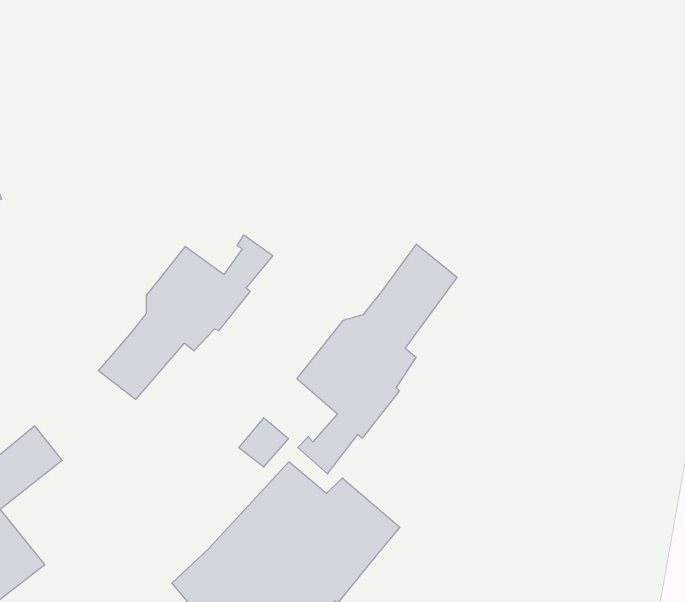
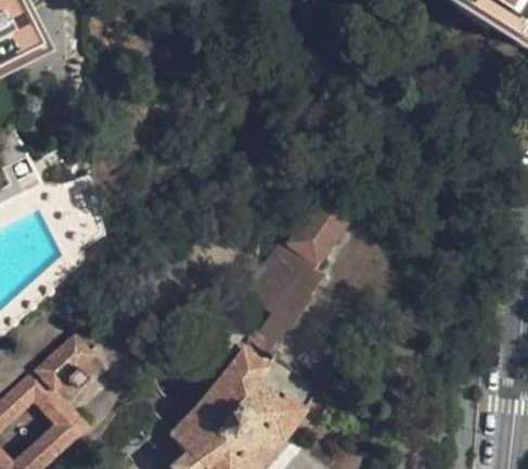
building: [98,235,273,399] -> none

